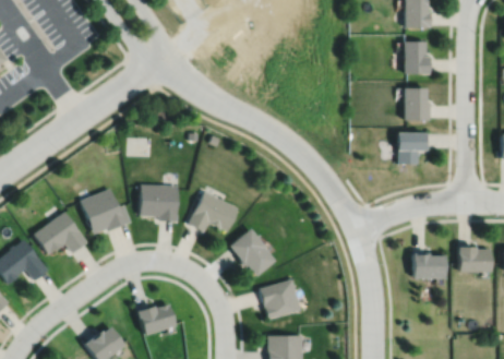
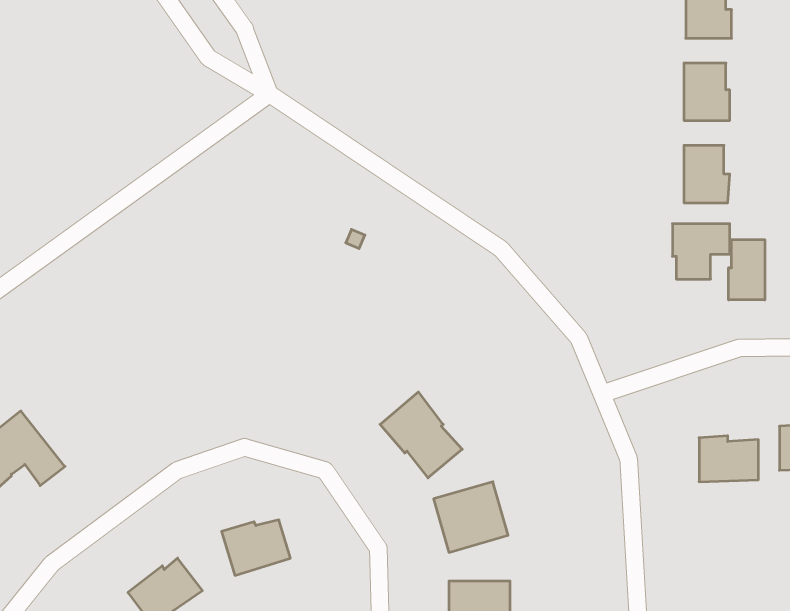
building: none -> [729,240,765,300]
building: [140,184,178,223] -> none
building: [81,189,132,235] -> none
building: [189,191,239,232] -> none
building: [34,212,88,254] -> none

